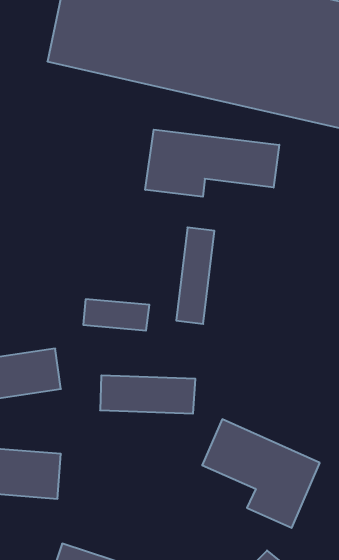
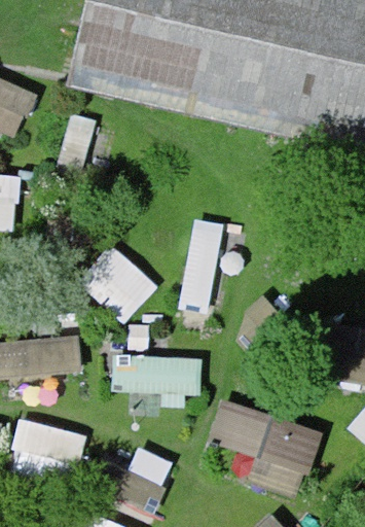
building: [145,130,279,197] -> none

